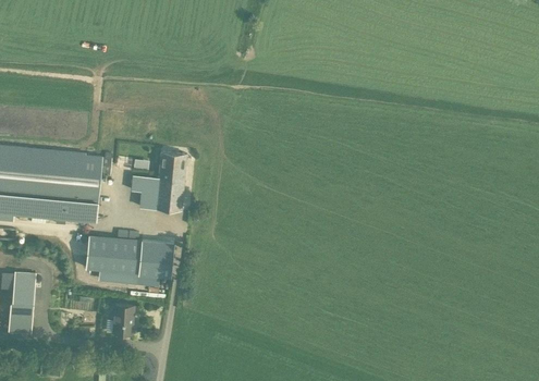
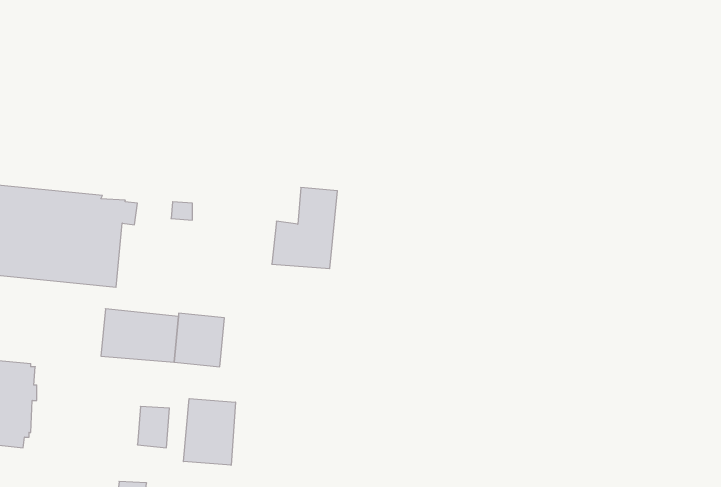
building: [136,153,183,211] -> [272,188,337,269]
building: none -> [183,399,235,465]

